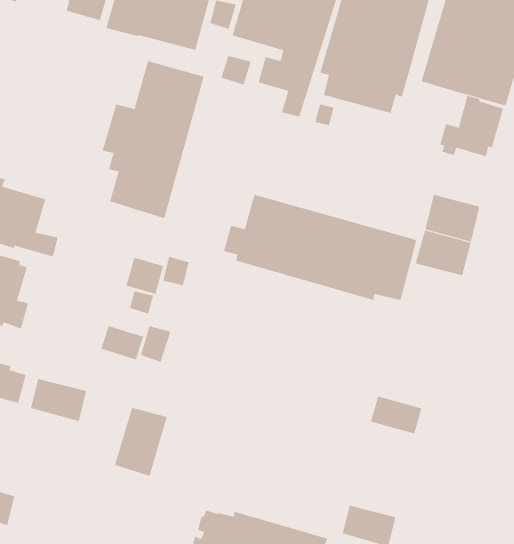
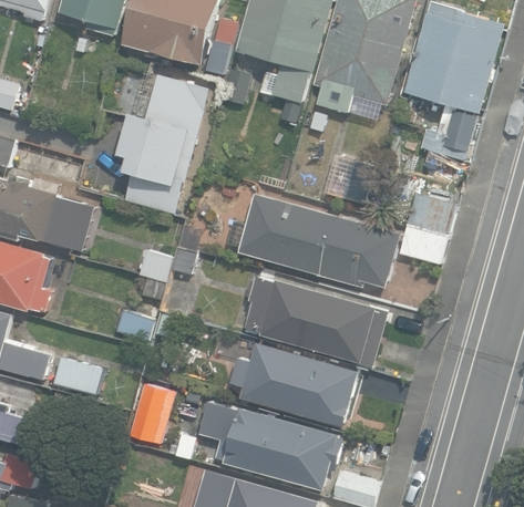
building: none -> [244,277,388,368]
building: none -> [228,342,358,426]
building: none -> [201,401,343,489]

